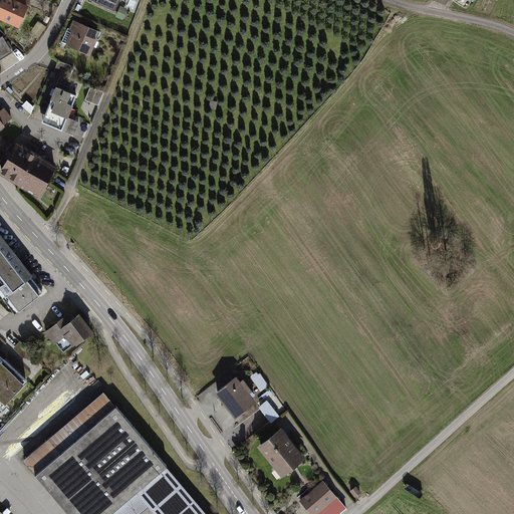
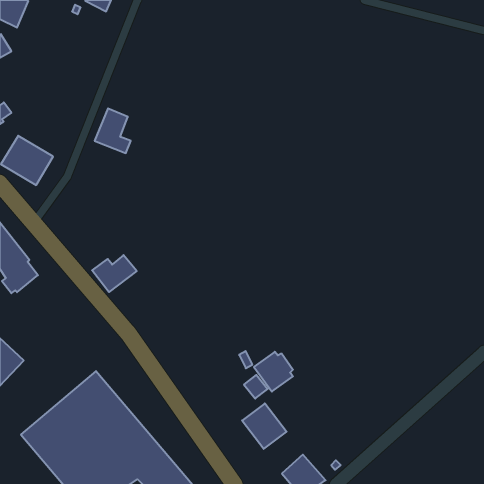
building: [62,22,98,57] -> none
building: [40,89,78,137] -> [95,108,131,153]
building: [44,315,91,354] -> [92,255,137,292]
building: [213,376,254,419] -> [254,352,293,392]

